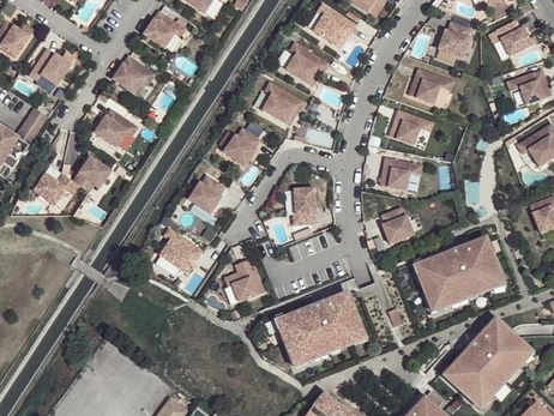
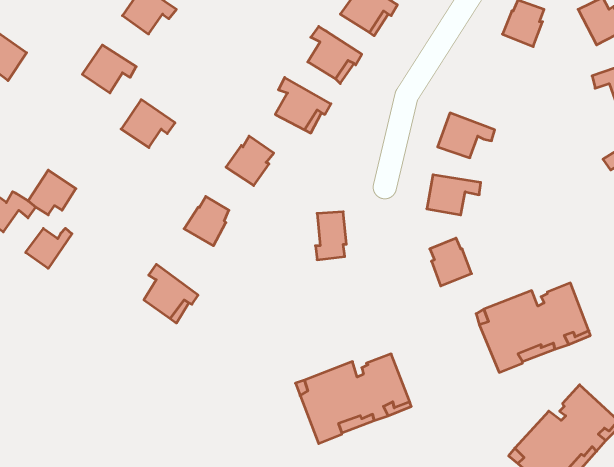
building: [408,68,453,103] -> none
building: [92,107,134,144] -> [121,100,175,148]
building: none -> [26,228,72,268]
building: [223,259,264,301] -> none

